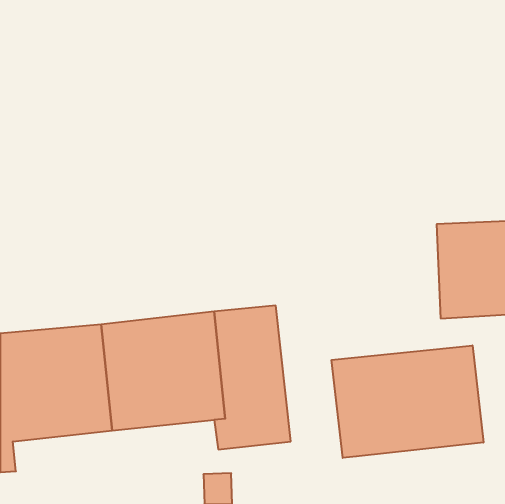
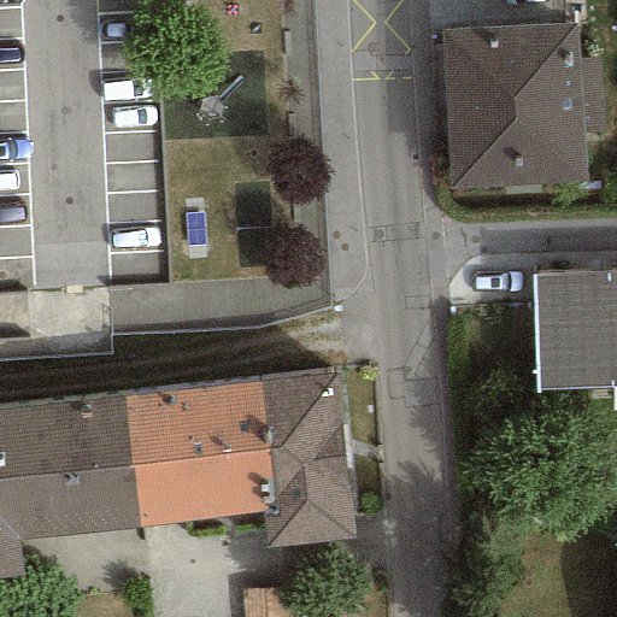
building: none -> [442,20,605,186]
building: [332,345,483,458] -> none

